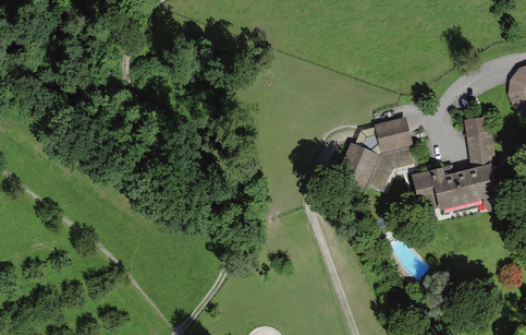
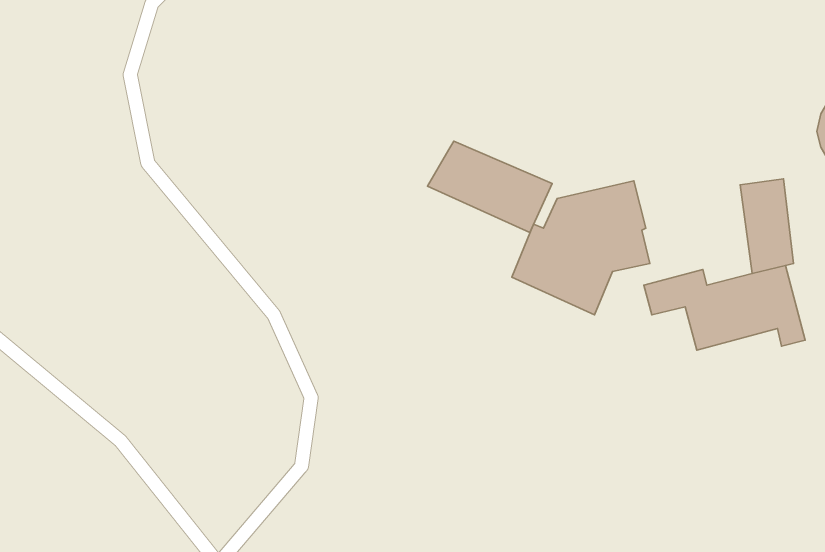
building: none -> [427,141,552,232]

